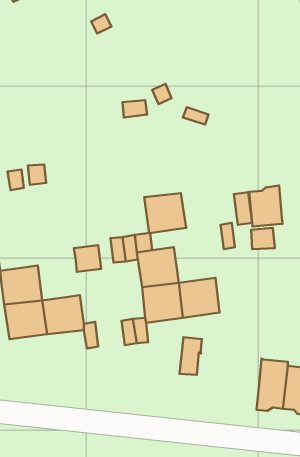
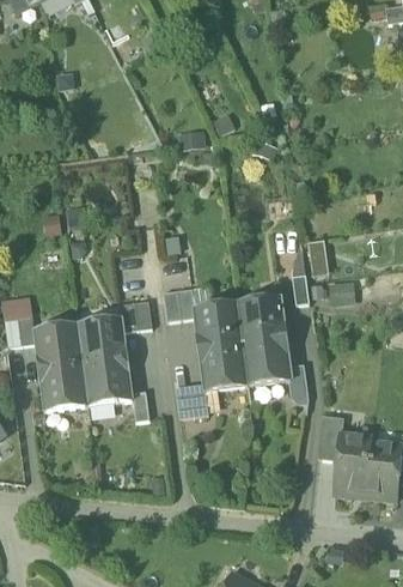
building: [249,186,283,227] -> none
building: [144,193,186,233] -> [237,297,286,344]
building: none -> [78,317,127,364]
building: [180,337,202,375] -> [317,414,343,459]

